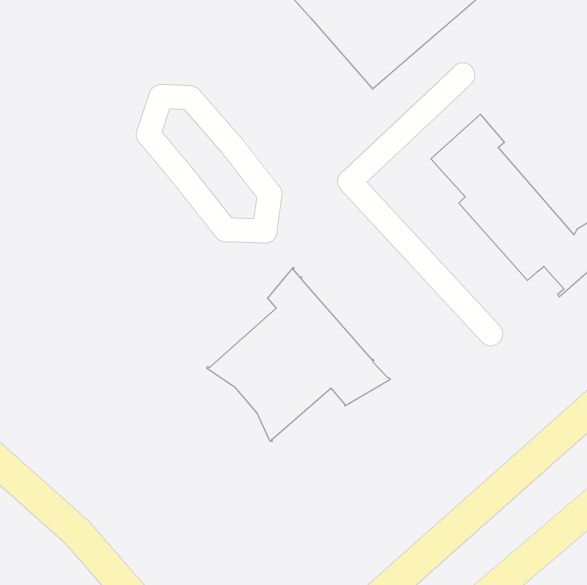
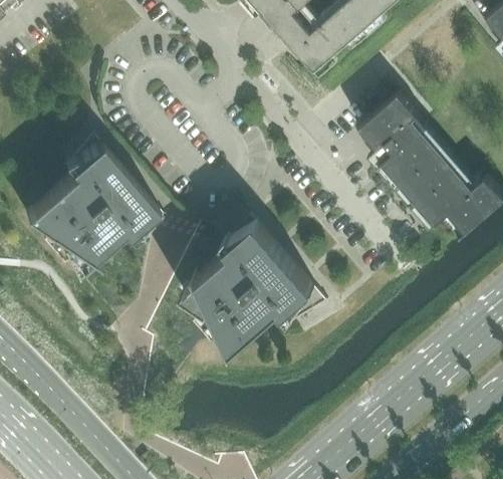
building: none -> [23,136,163,274]

